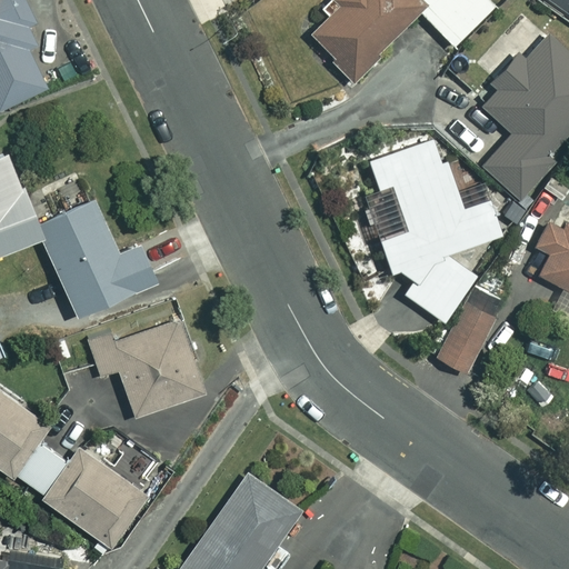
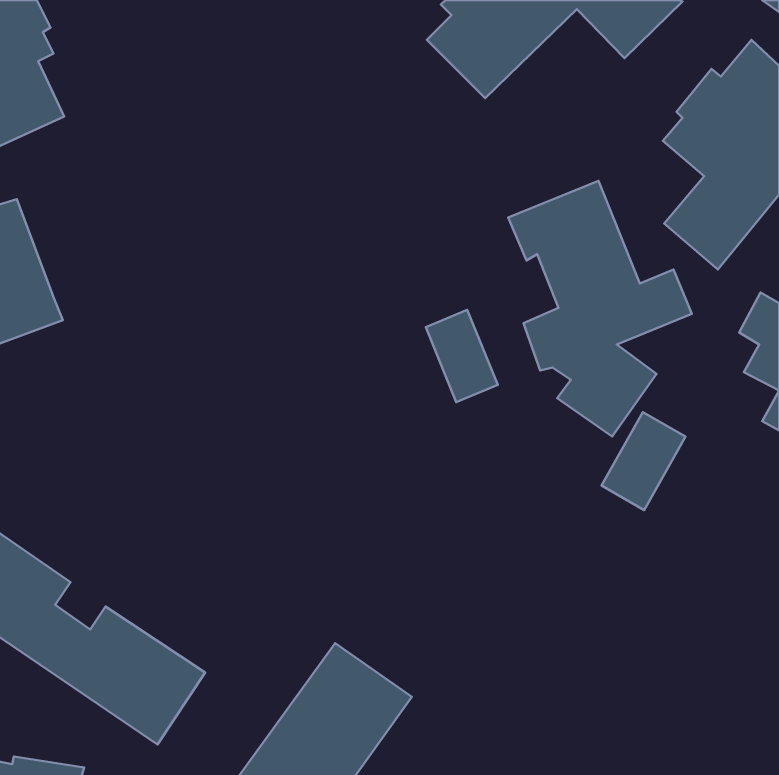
building: [39,199,158,317] -> none
building: none -> [426,310,498,402]
building: [86,318,204,418] -> none

